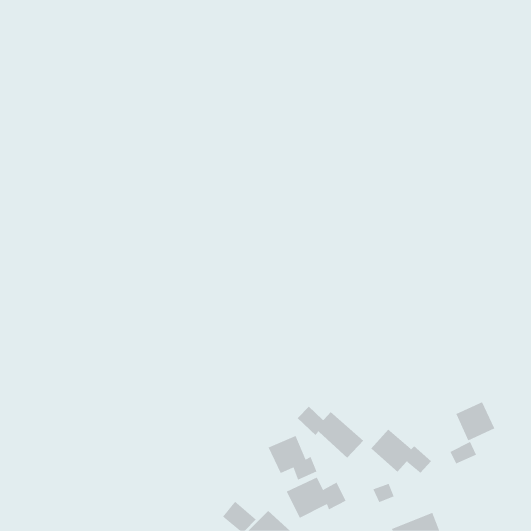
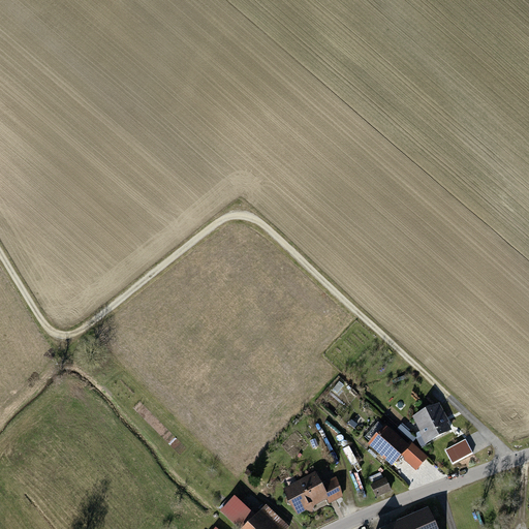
building: [455,401,495,441] -> [412,404,452,443]
building: [297,406,364,458] -> none
building: [268,435,317,480] -> none

